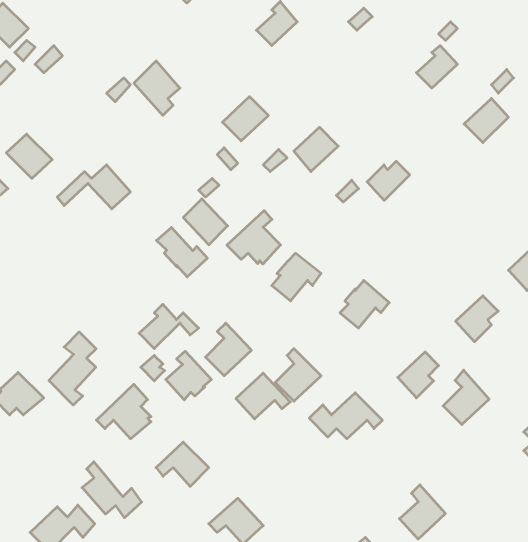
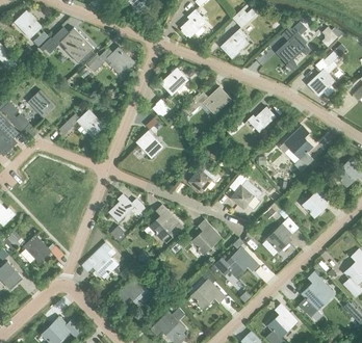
building: none -> [62,28,89,57]
building: none -> [218,28,249,58]
building: none -> [284,126,311,166]
building: [227,211,281,264] -> none
building: [156,227,207,277] -> none
building: [49,332,96,405] -> none
building: [166,351,211,400] -> none
building: [443,370,489,425] -> [301,272,329,306]
building: [236,373,290,419] -> [190,280,224,308]
building: [82,462,142,518] -> none

